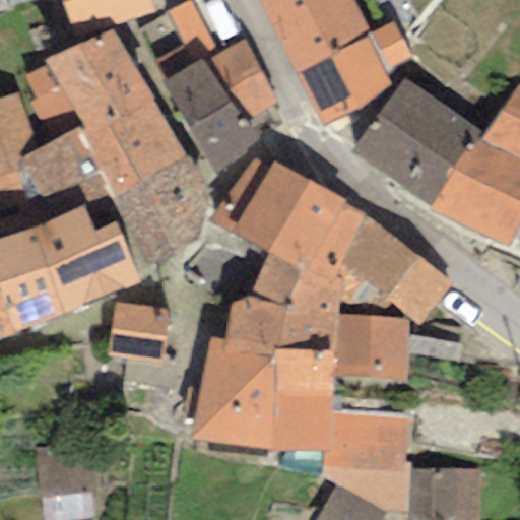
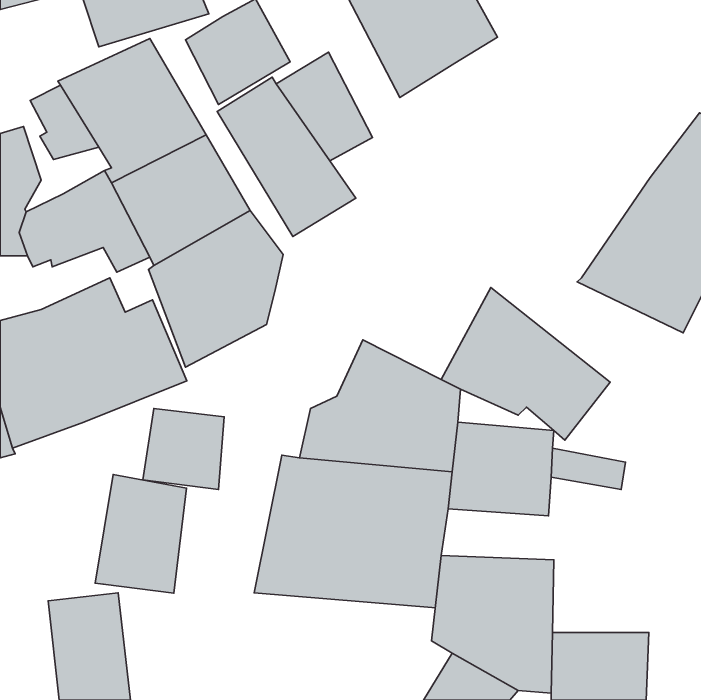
building: [297,22,410,124] -> none
building: [350,78,481,205] -> none
building: [208,157,364,280] -> none
building: none -> [95,474,187,593]

